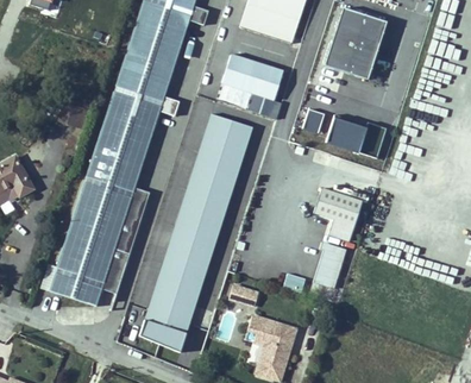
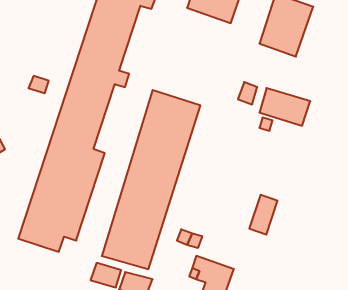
building: [221,56,284,120] -> none
building: [315,187,364,239] -> none

